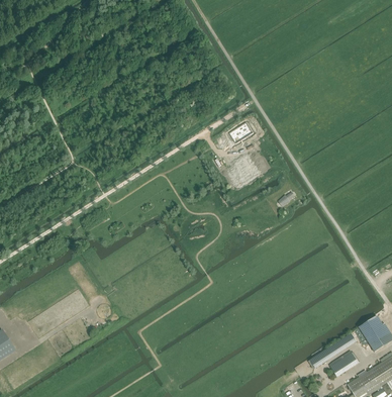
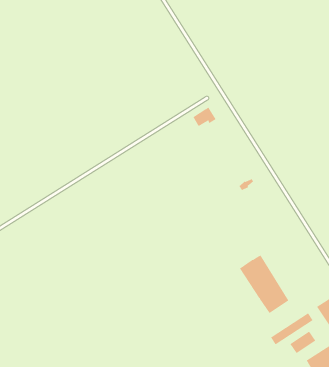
building: none -> [239,255,289,314]

